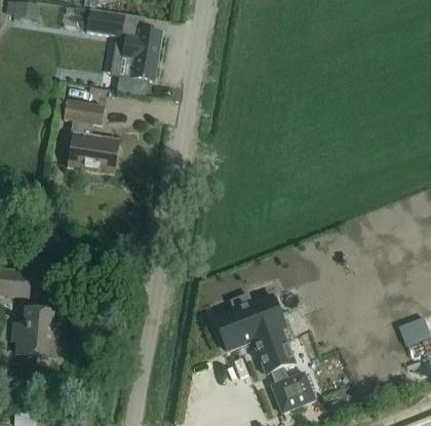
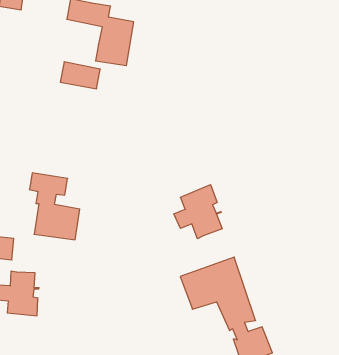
building: [64,100,119,173] -> [29,173,80,240]
building: none -> [174,185,222,239]

